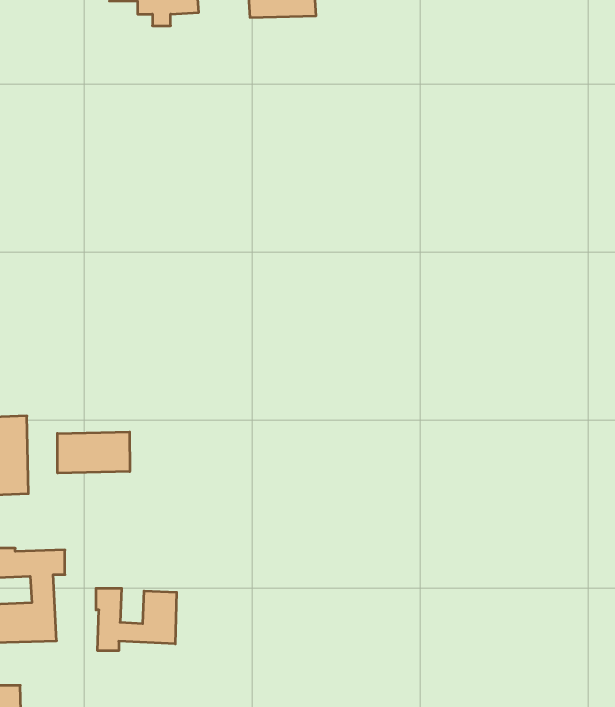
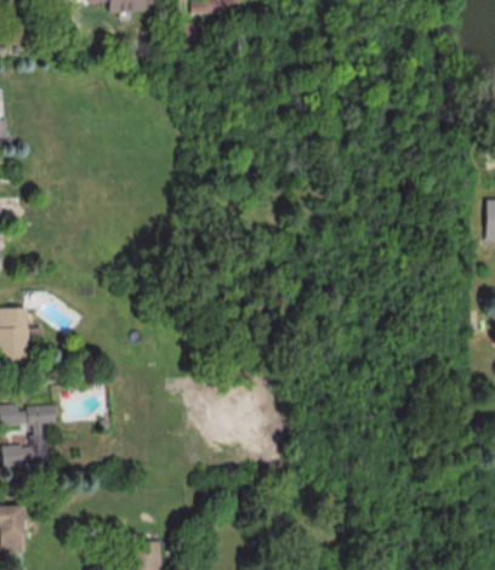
building: [57,432,130,473] -> none
building: [96,588,177,651] -> none

